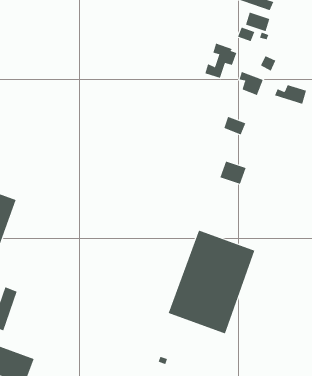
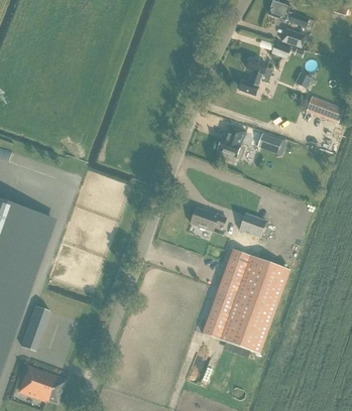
building: [239,71,264,96] -> none
building: none -> [217,124,246,155]
building: [220,161,246,185] -> [239,213,266,237]
building: none -> [191,208,226,231]

